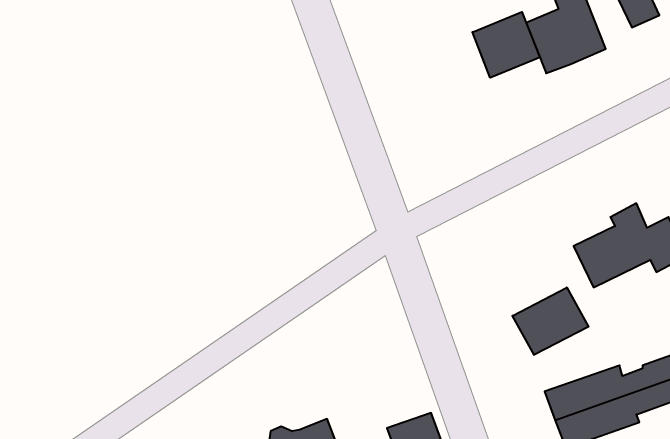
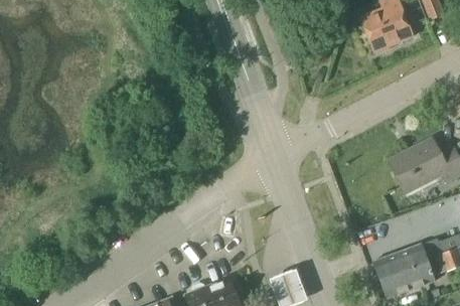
building: [472,12,540,78] -> none
building: [512,287,589,355] -> none

